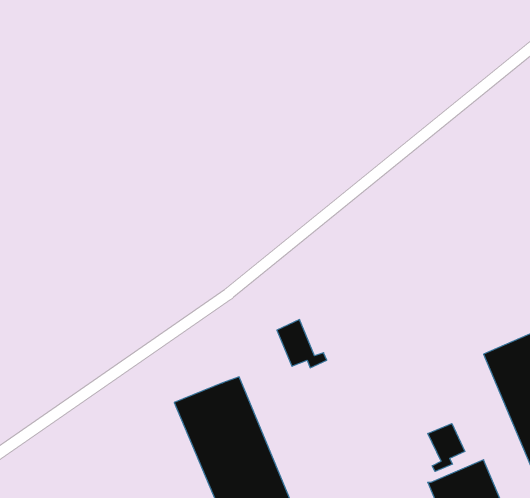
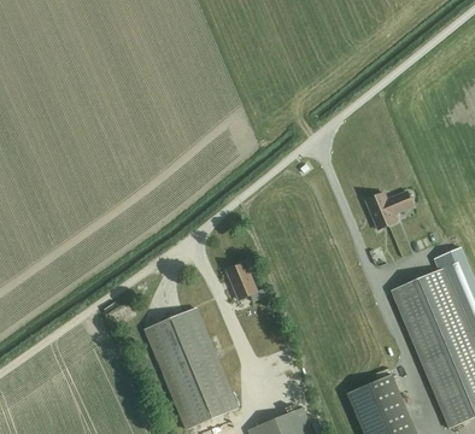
building: none -> [365,192,412,229]
building: [428,424,465,471] -> none

